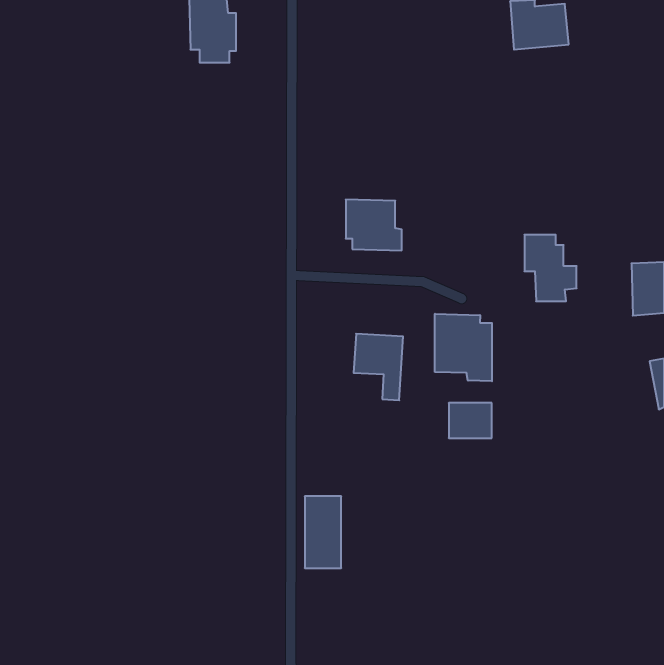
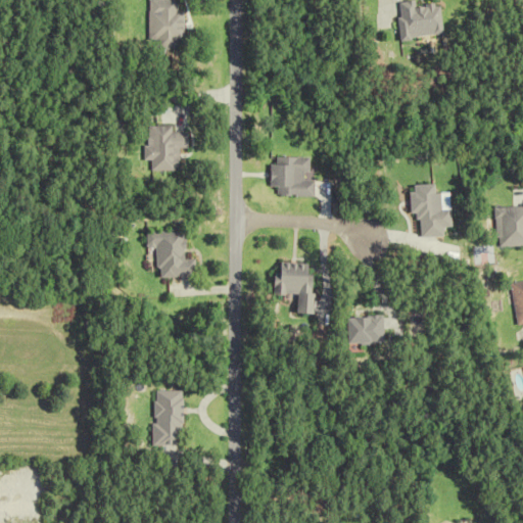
building: none -> [145,126,190,170]
building: none -> [146,230,198,277]
building: [435,314,492,381] -> none
building: [305,496,341,568] -> [153,389,182,445]

